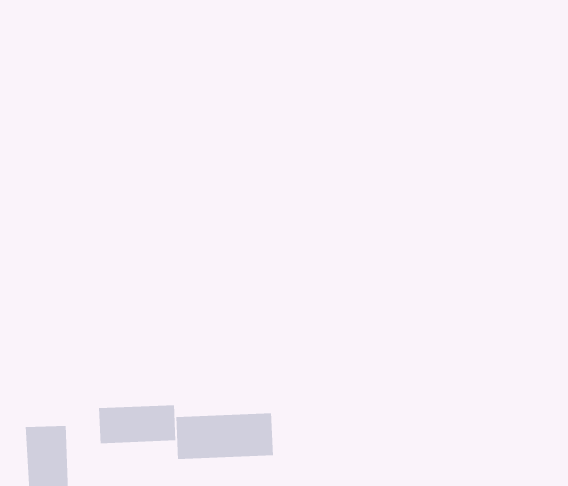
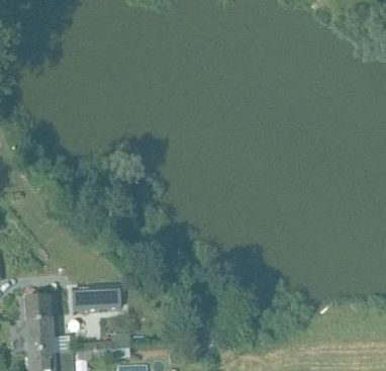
building: [175,413,274,460] -> none

